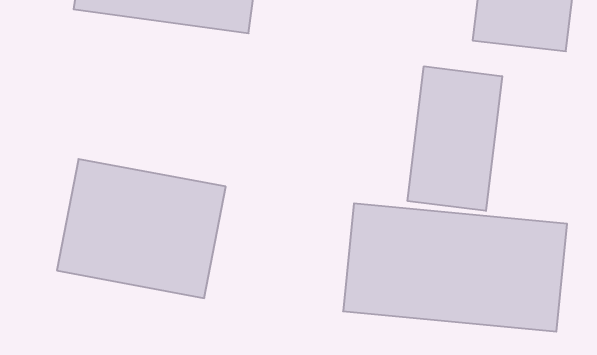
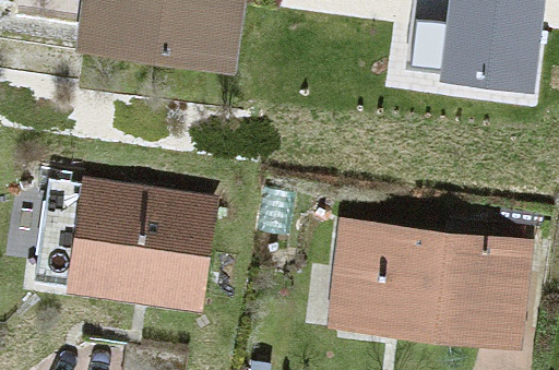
building: [408,66,502,211] -> none

